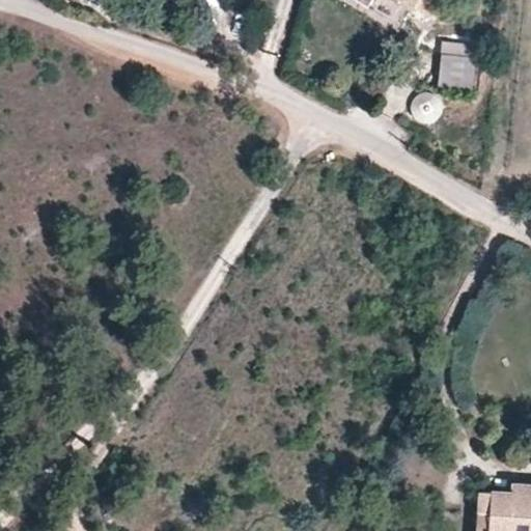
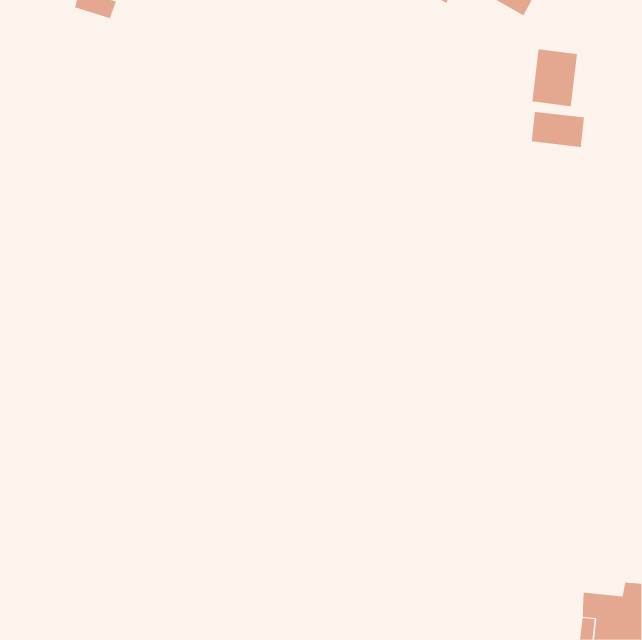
building: none -> [531,111,585,148]

